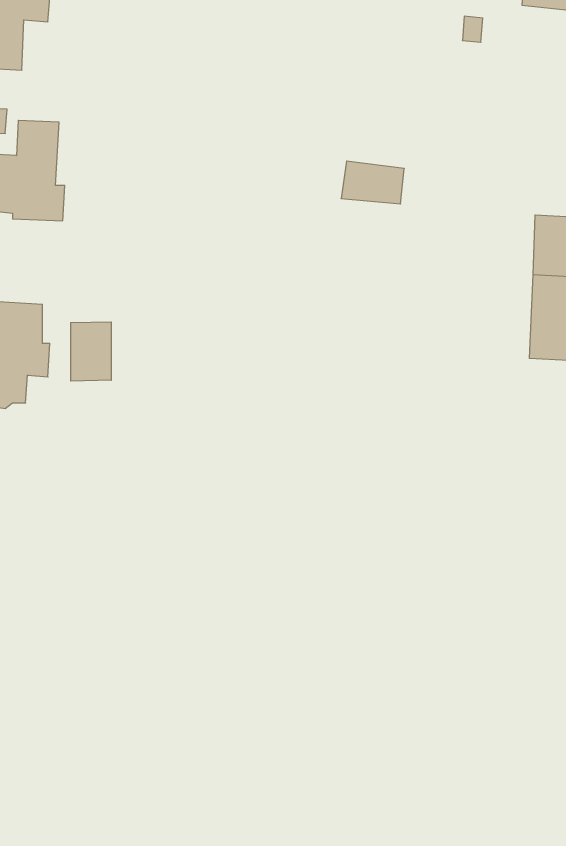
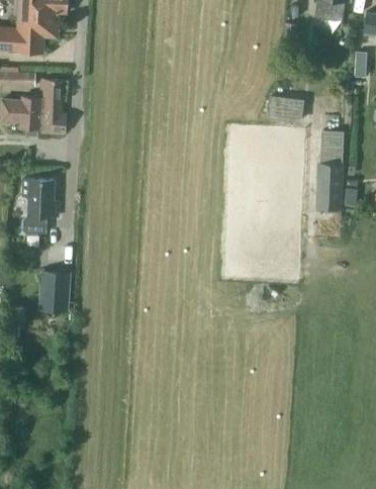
building: [341,161,404,204] -> [269,98,303,121]
building: [71,322,111,381] -> none
building: none -> [37,272,71,312]

